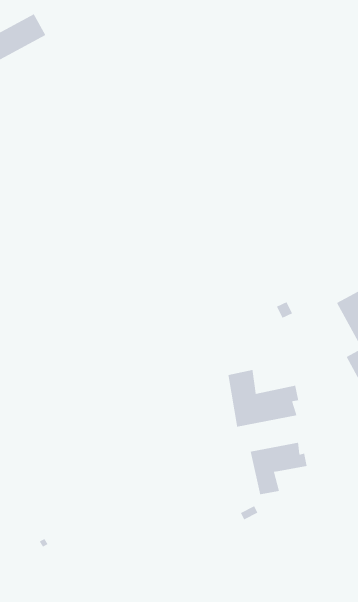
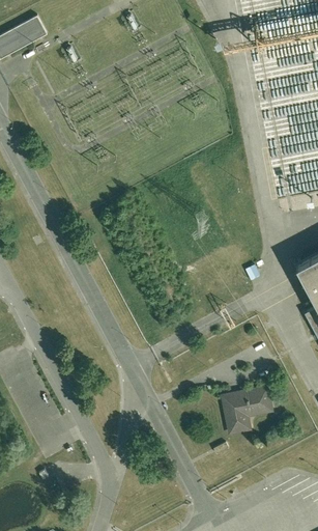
building: [228,369,299,427] -> none

